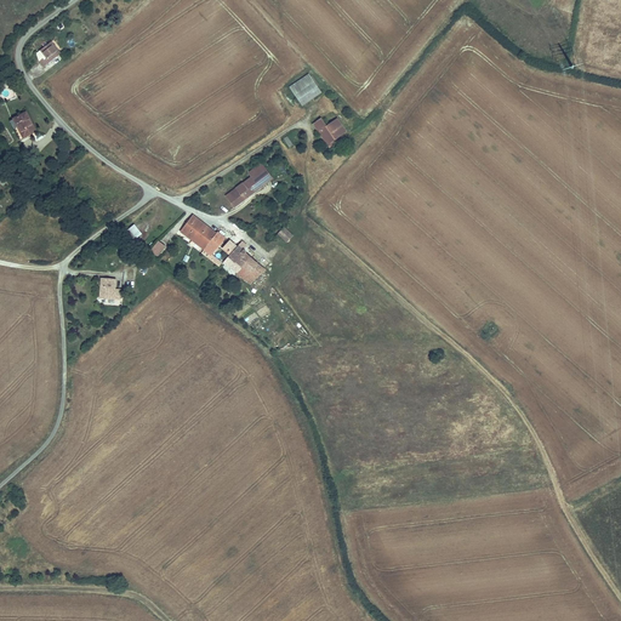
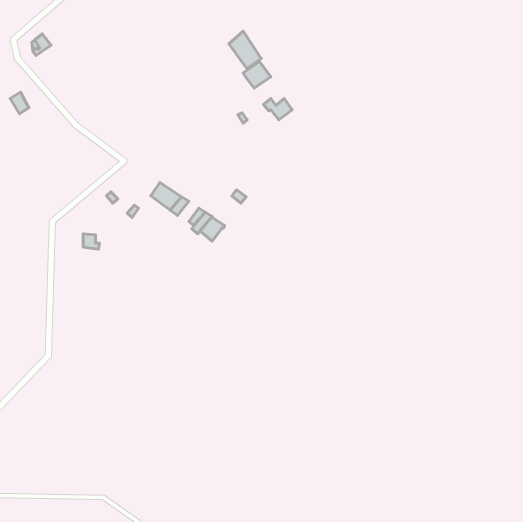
building: none -> [229,31,261,68]
building: [223,161,272,207] -> none

